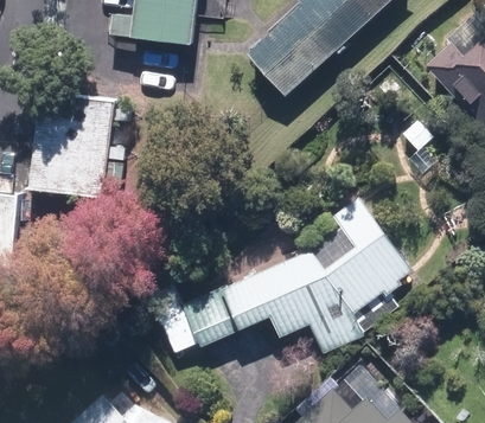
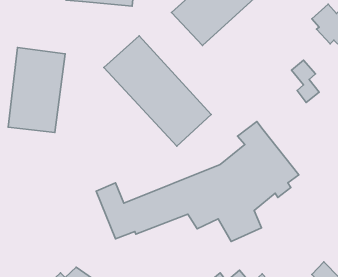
building: none -> [104,36,211,146]

